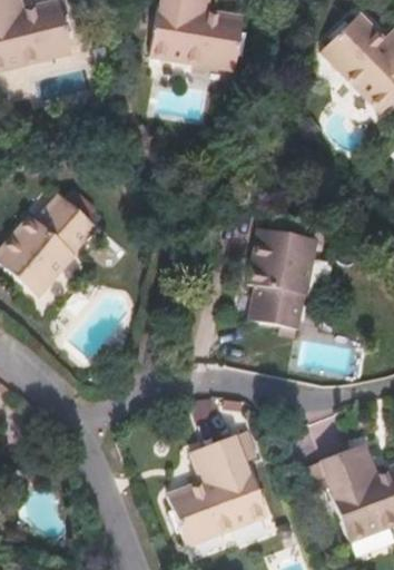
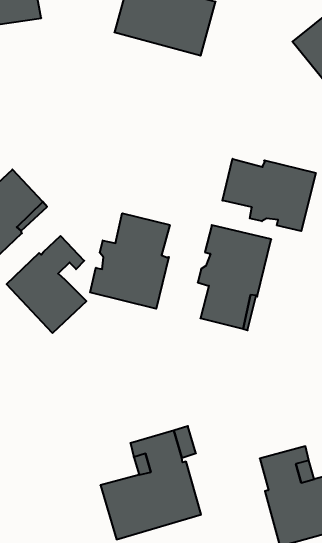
building: none -> [222,159,316,231]
building: none -> [90,213,170,309]
building: none -> [7,236,86,333]

